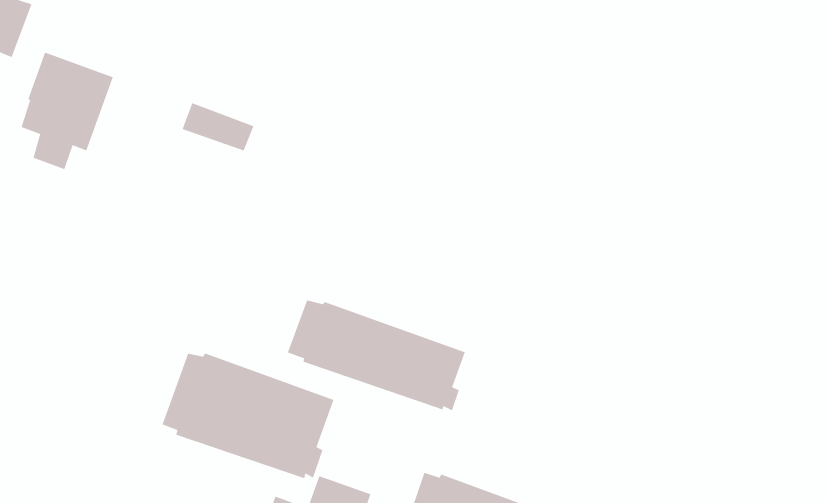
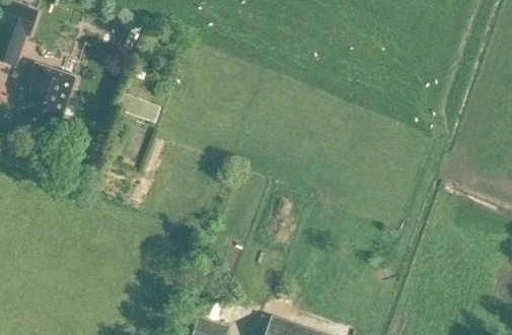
building: [287,300,466,411] -> none
building: [161,353,334,479] -> none

